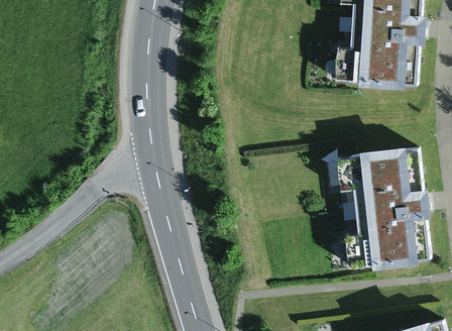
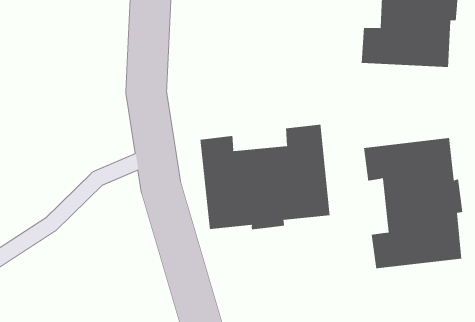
building: none -> [200,124,330,230]

